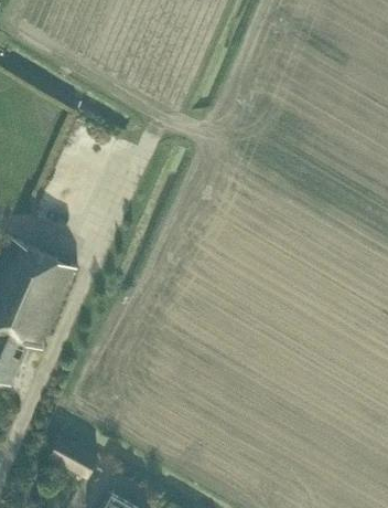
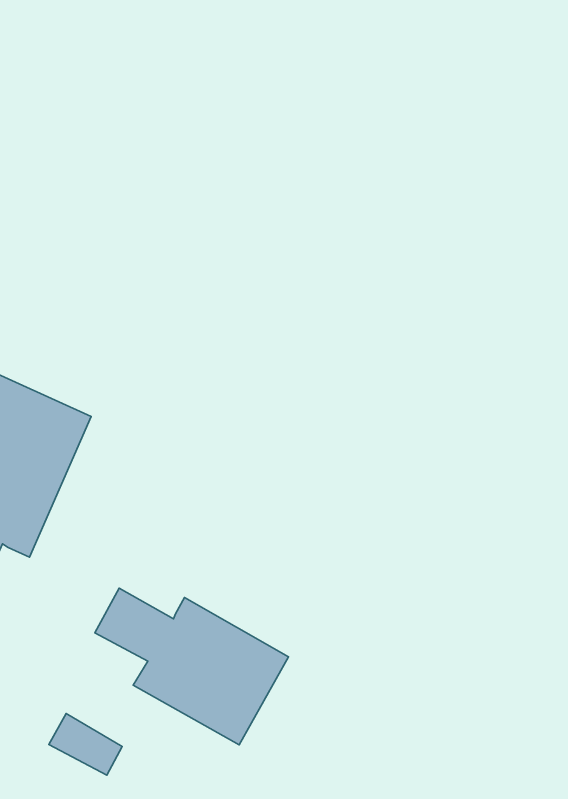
building: none -> [95,588,288,745]

